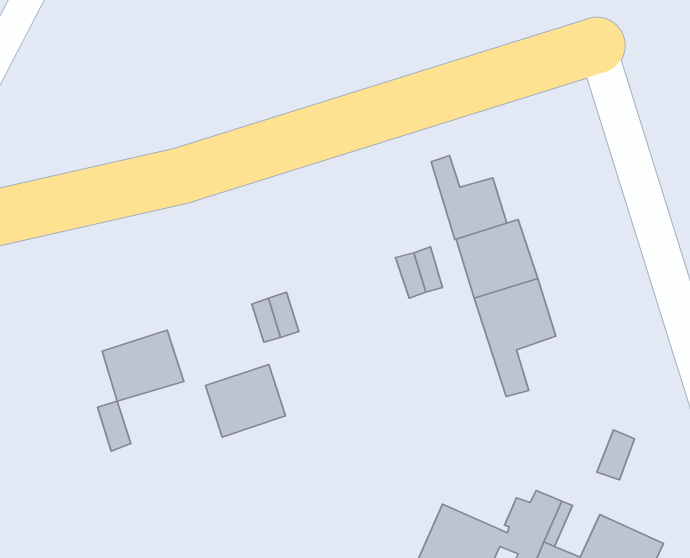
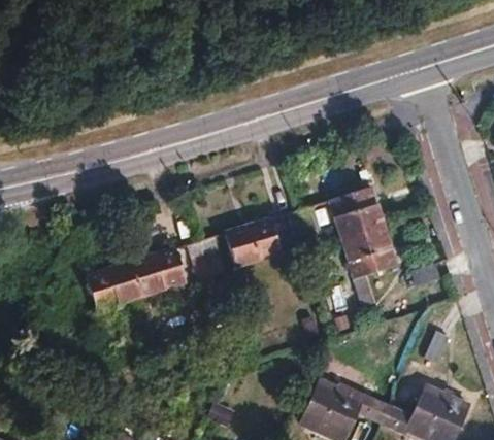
building: [431,155,507,240] -> none
building: none -> [227,217,282,266]
building: [205,364,286,437] -> [133,246,188,296]

